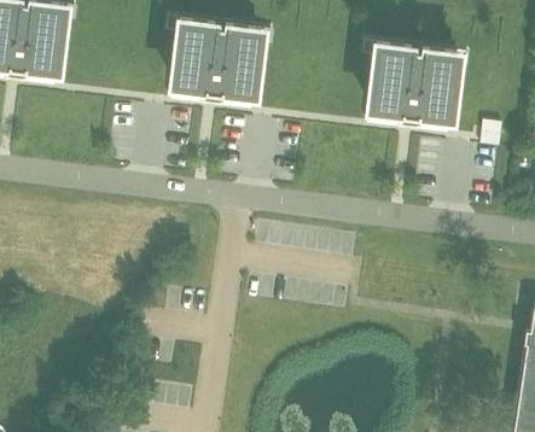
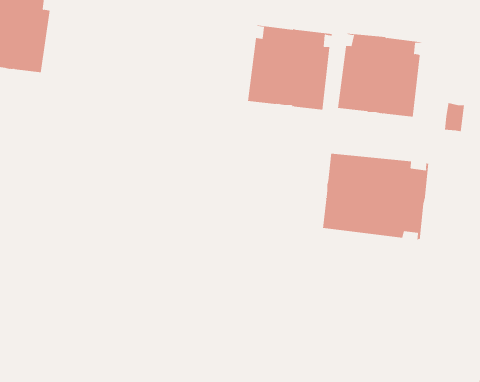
building: [170,18,261,109] -> [247,25,332,110]
building: none -> [322,153,429,241]

